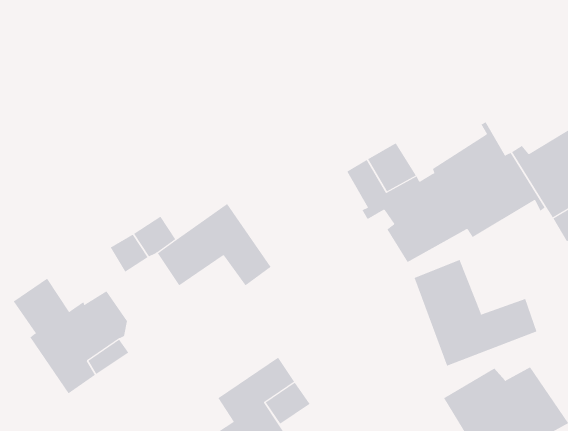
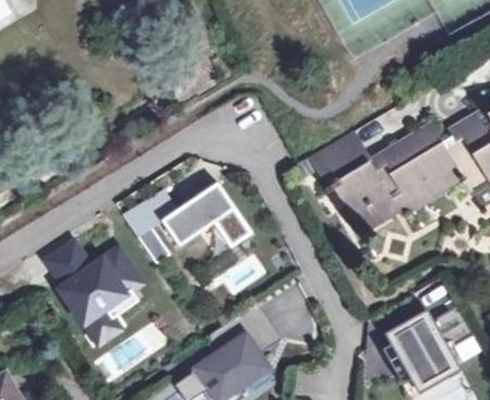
building: [414,259,537,366] -> none

